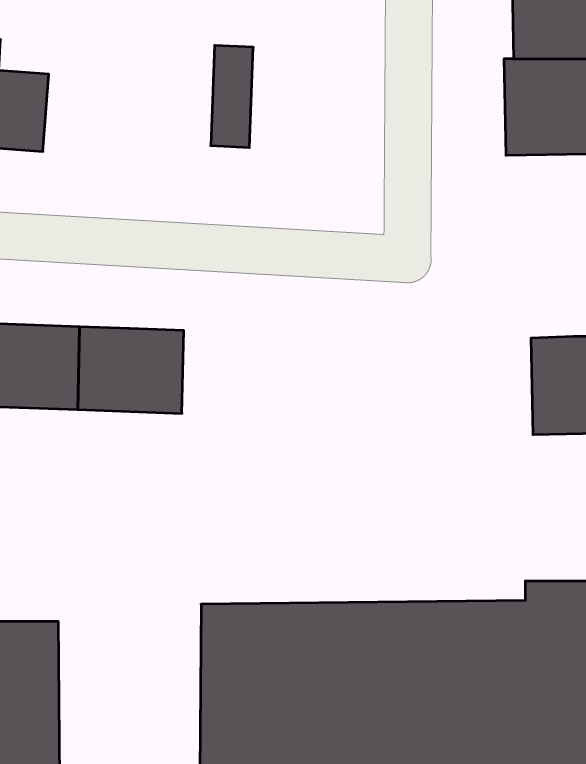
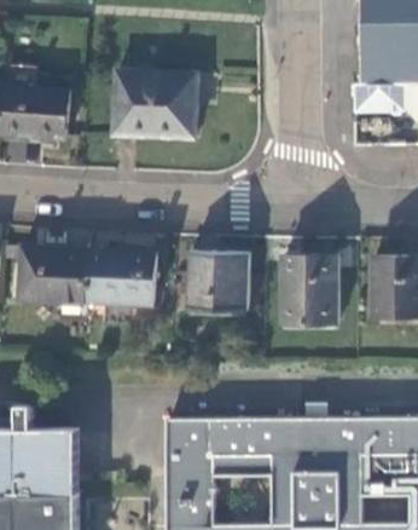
building: none -> [115,69,174,134]
building: none -> [190,253,244,307]
building: none -> [281,254,337,321]

